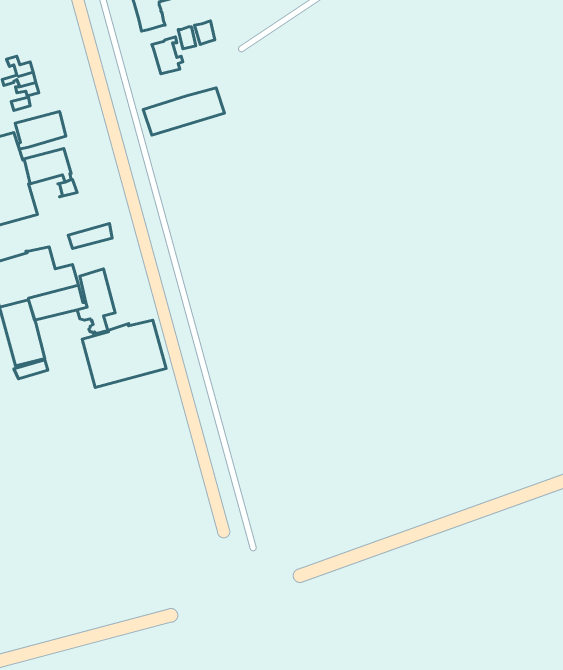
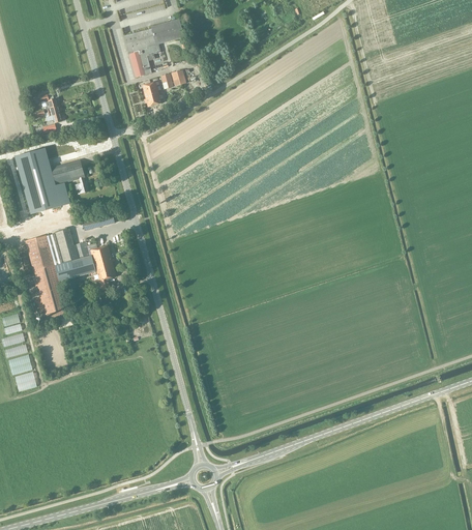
building: [143,88,225,135] -> none
building: [15,112,66,149] -> none
building: [82,320,166,387] -> none

